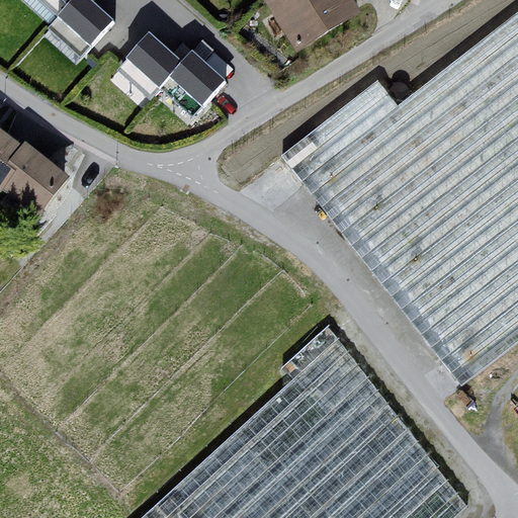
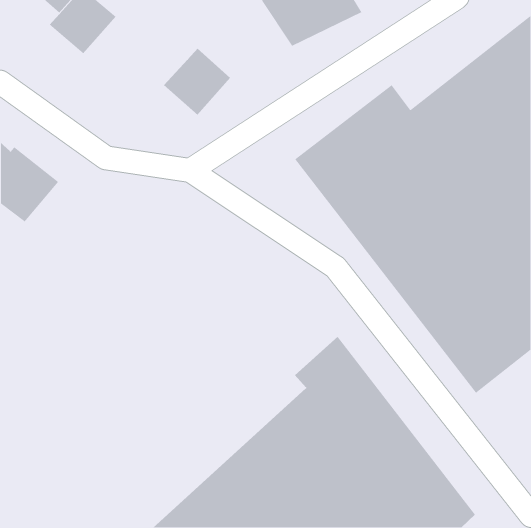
building: [116,28,182,94] -> none

